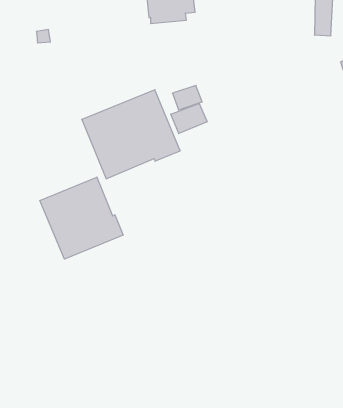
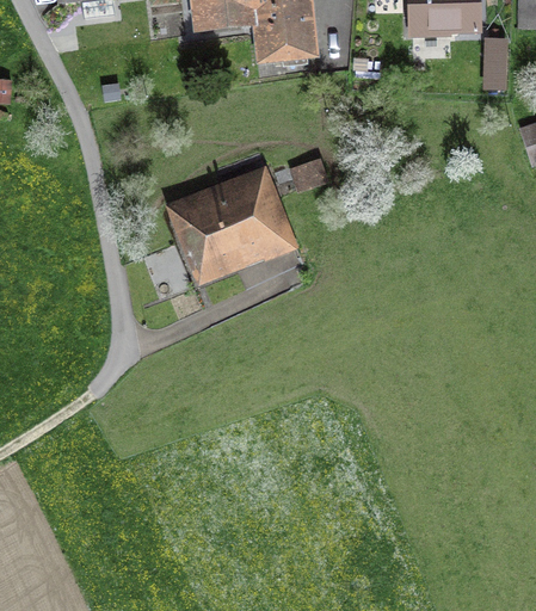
building: [171,103,207,134] -> none
building: [40,177,123,259] -> none

